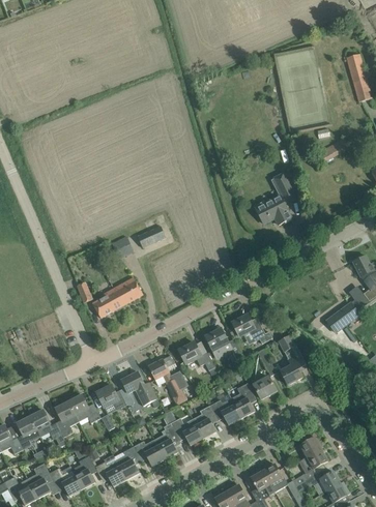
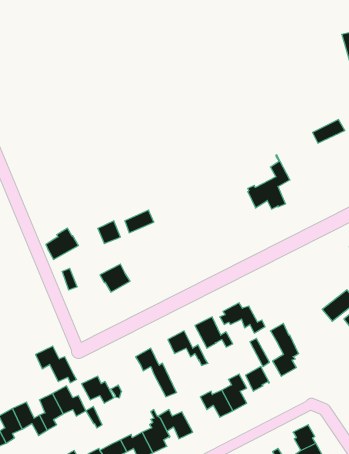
building: [93,288,124,318] -> [46,228,78,260]
building: [121,371,161,407] -> [36,346,77,383]
building: [193,405,216,439] -> none

